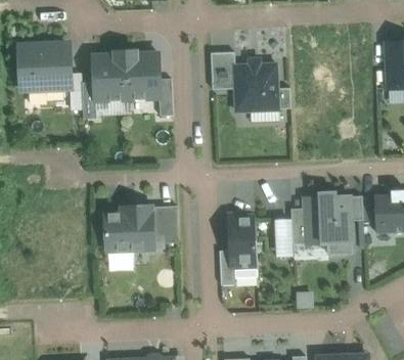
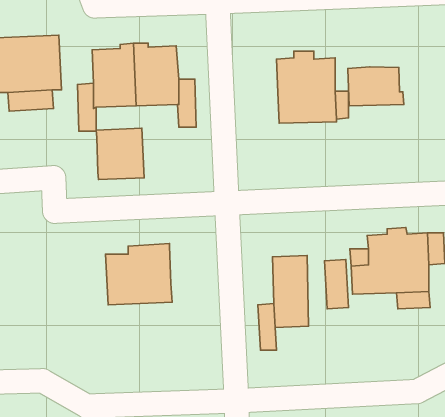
building: [212,51,235,89] -> none
building: none -> [348,67,404,106]
building: none -> [96,128,144,180]
building: [152,207,178,243] -> none

